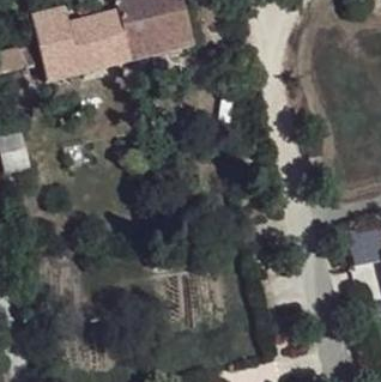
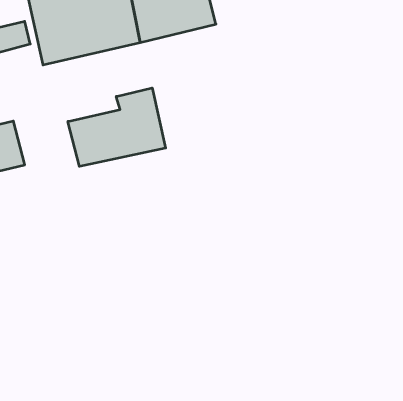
building: none -> [68,88,166,166]

